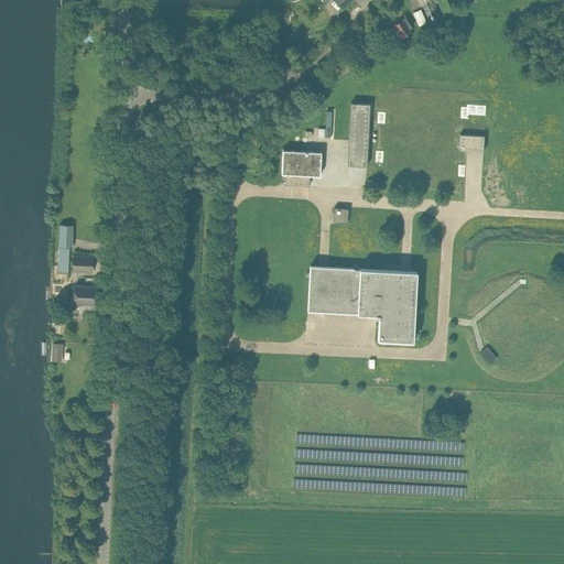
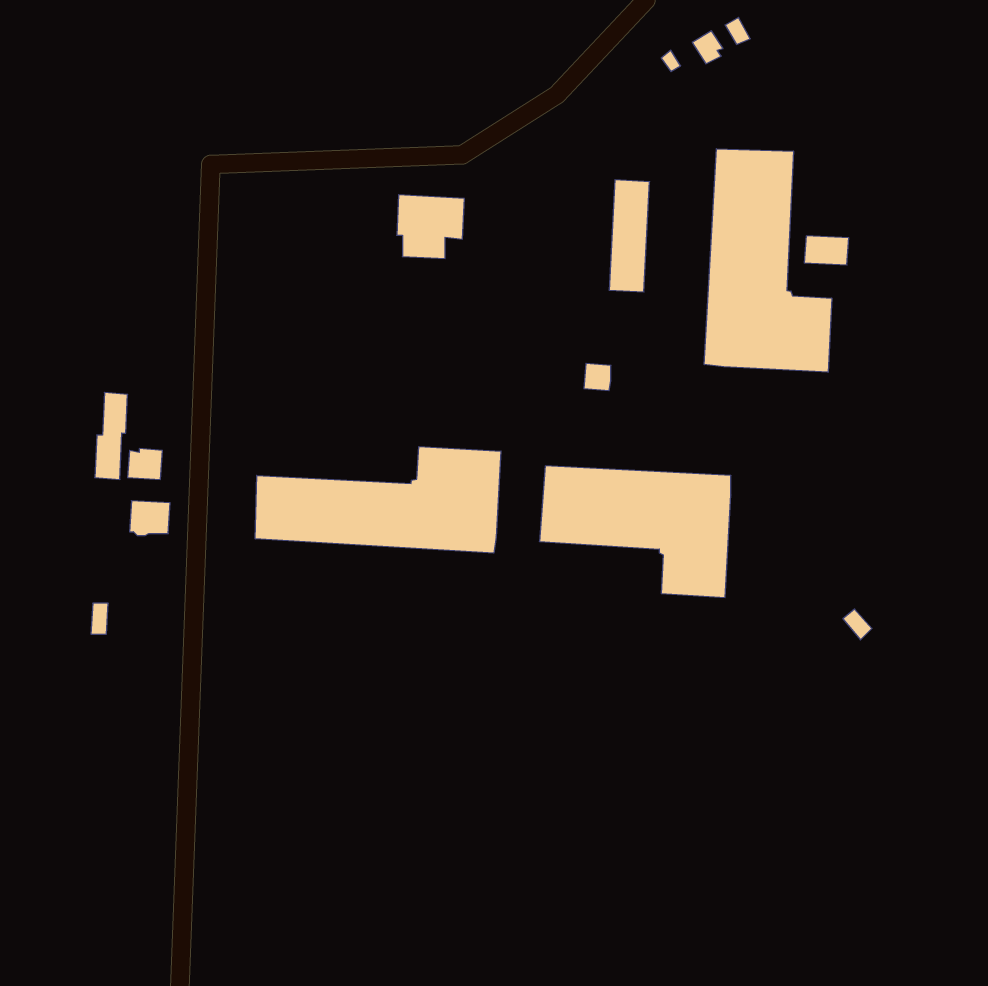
building: none -> [704,149,832,372]
building: [282,151,321,187] -> [397,195,464,258]
building: none -> [255,447,501,553]

